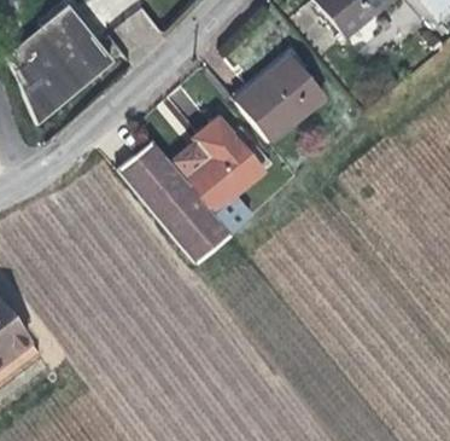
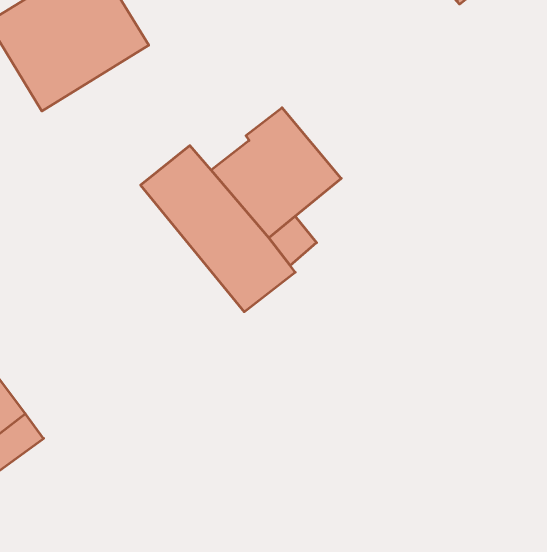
building: [234,47,325,135] -> none

